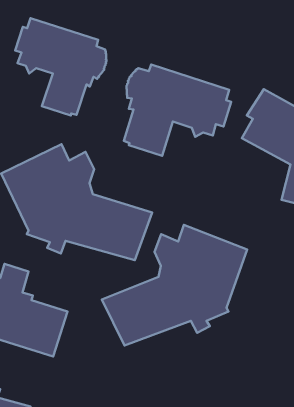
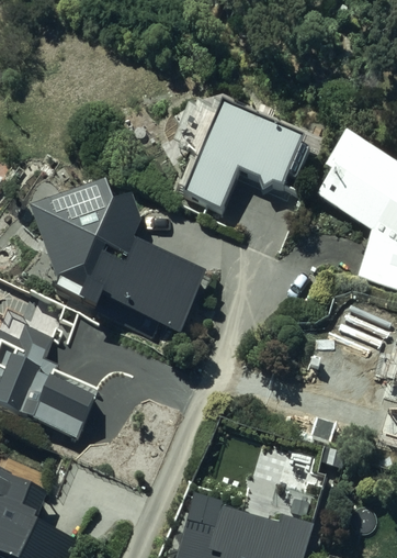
building: [15,18,106,116] -> none
building: [102,225,247,345] -> none

